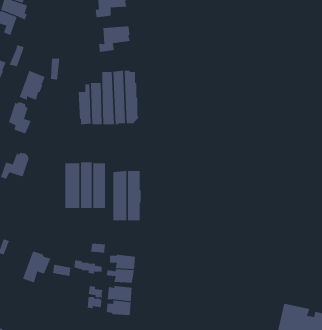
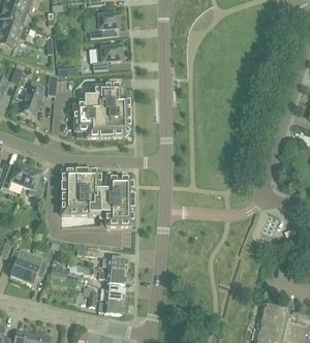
building: [8,102,31,134] -> [23,167,44,197]
building: none -> [8,248,31,280]

